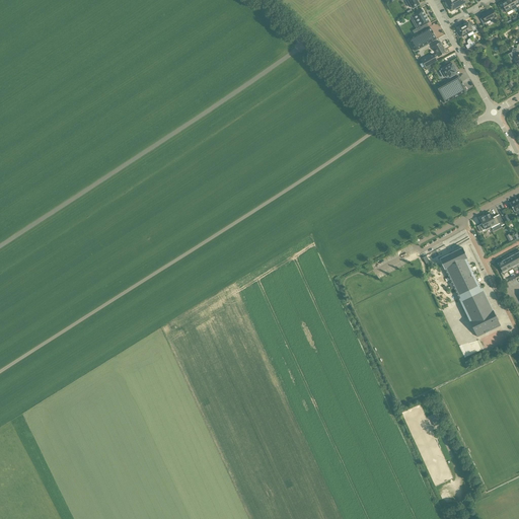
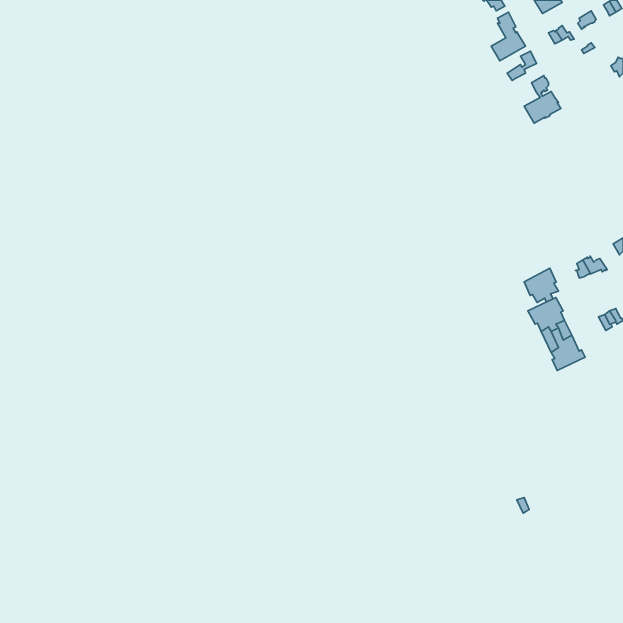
building: none -> [524,268,558,302]
building: [463,298,501,337] -> none

